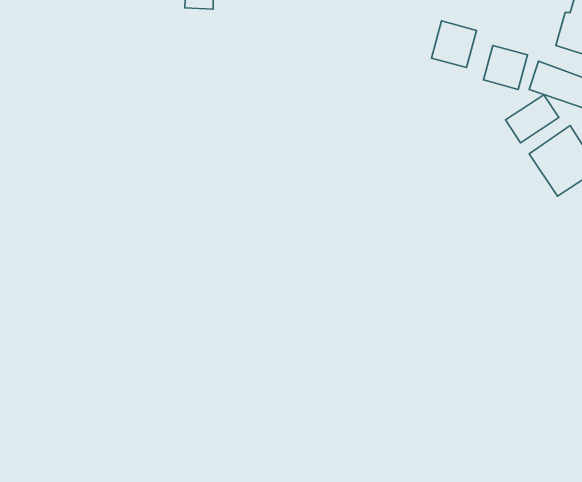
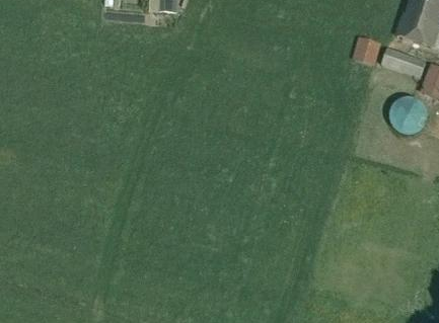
building: [431,21,477,68] -> none
building: [506,95,559,143] -> none

